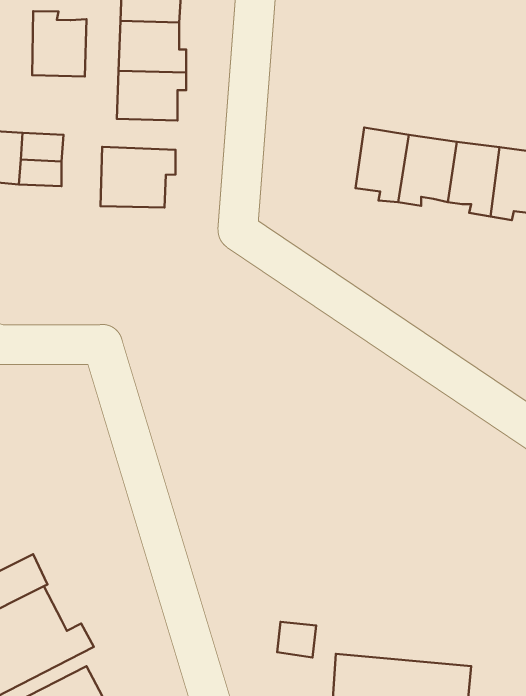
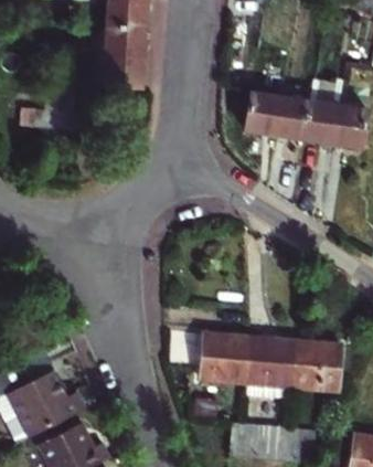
building: [32,11,86,77] -> none
building: [101,147,175,207] -> none
building: none -> [207,333,348,391]

